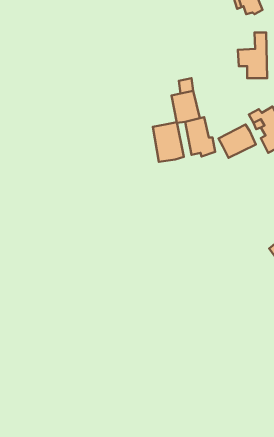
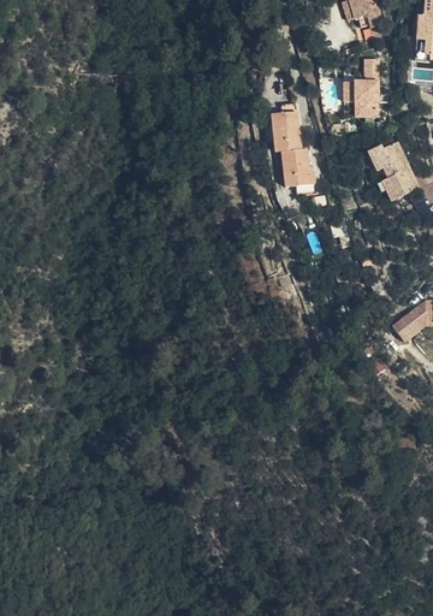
building: [153,122,184,162] -> none
building: [219,124,256,158] -> none

